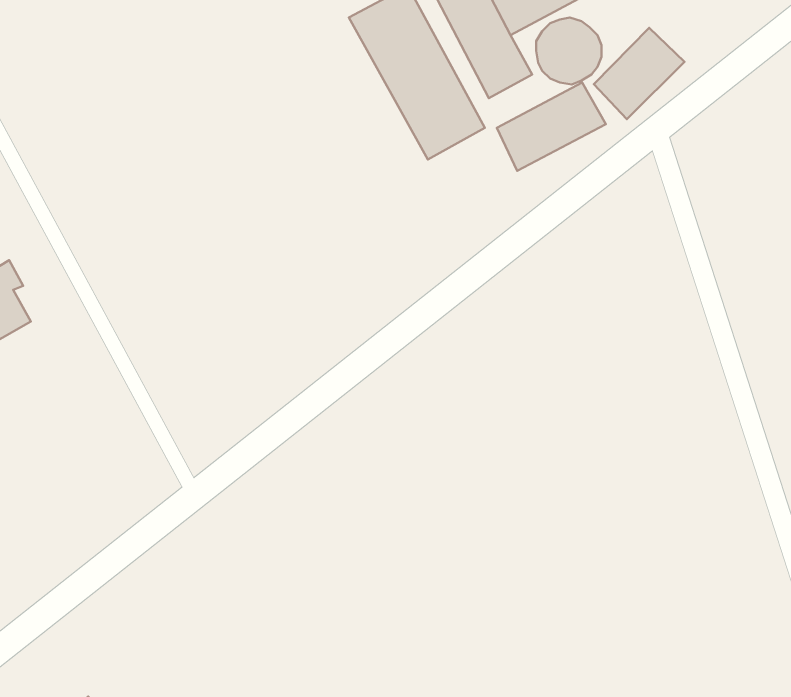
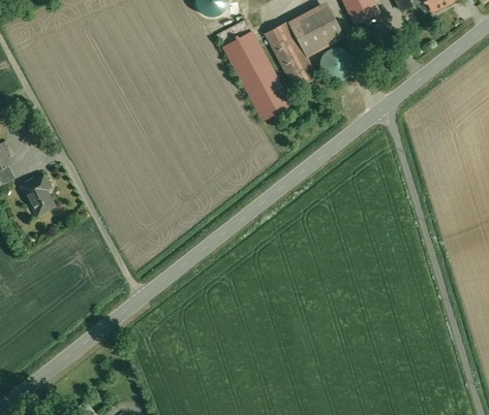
building: [594,28,684,119] -> none
building: [497,82,606,171] -> none

